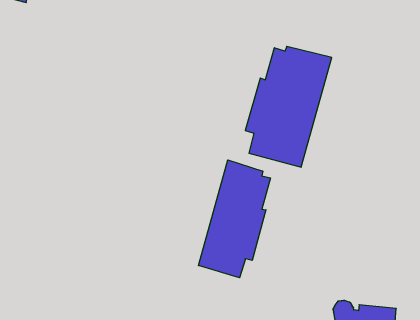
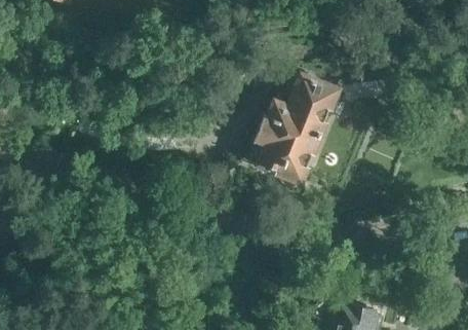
building: [199,160,270,278] -> none

